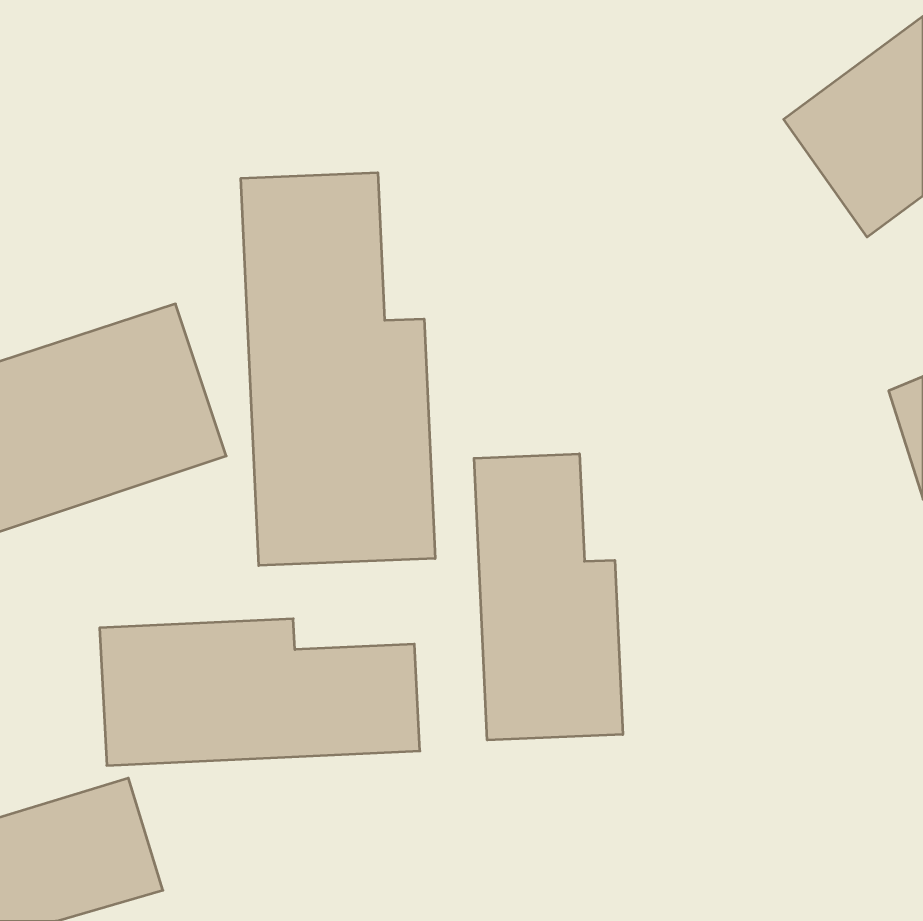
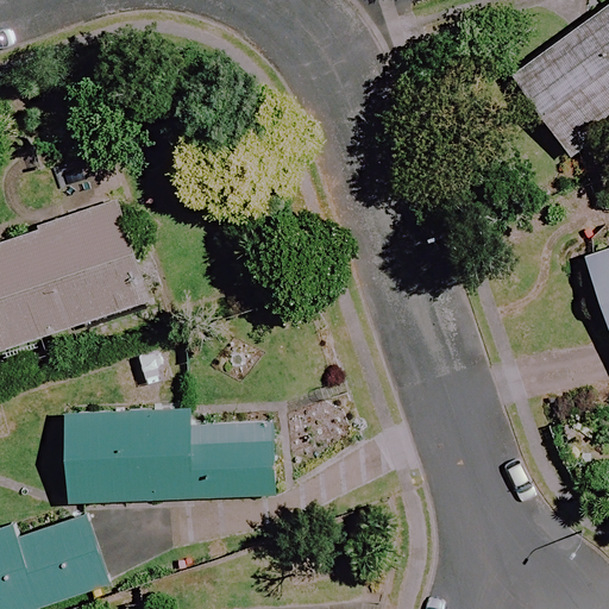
building: [241,173,435,566] -> none
building: [474,454,623,740] -> none

